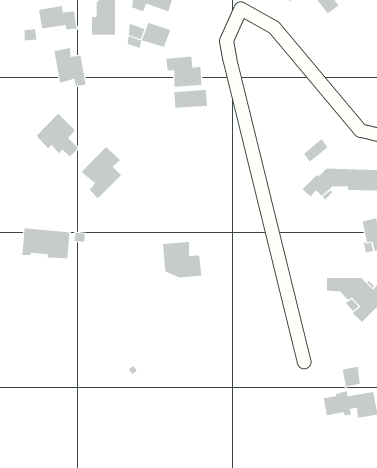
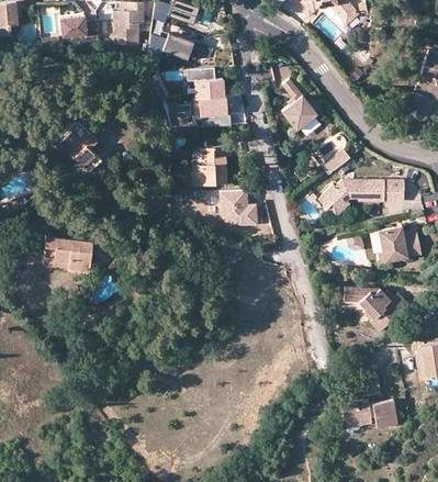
building: [54,47,86,87] -> none
building: none -> [283,76,318,127]
building: none -> [192,147,232,186]
building: [81,146,122,199] -> none
building: [162,241,202,278] -> [218,190,258,226]

